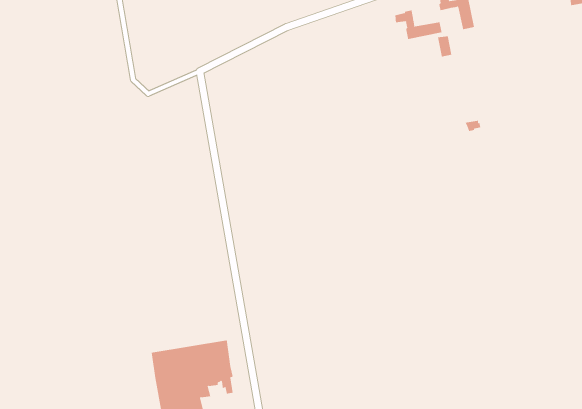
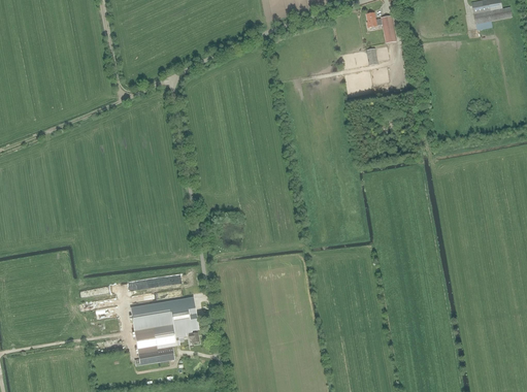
building: [395,10,442,40] -> none

